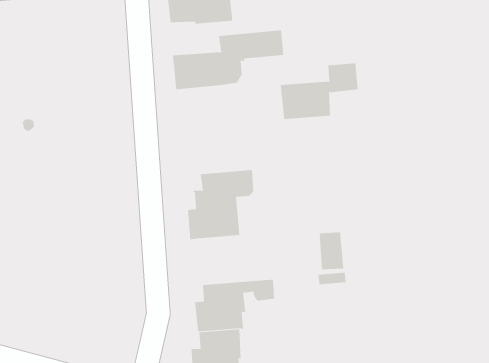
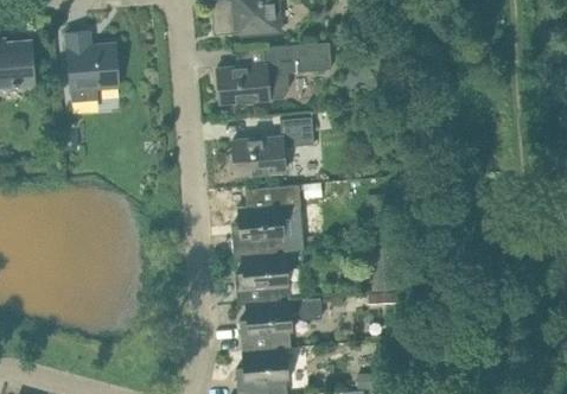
building: none -> [66,32,120,102]
building: [280,63,359,119] -> [232,117,313,176]
building: none -> [236,253,291,305]

